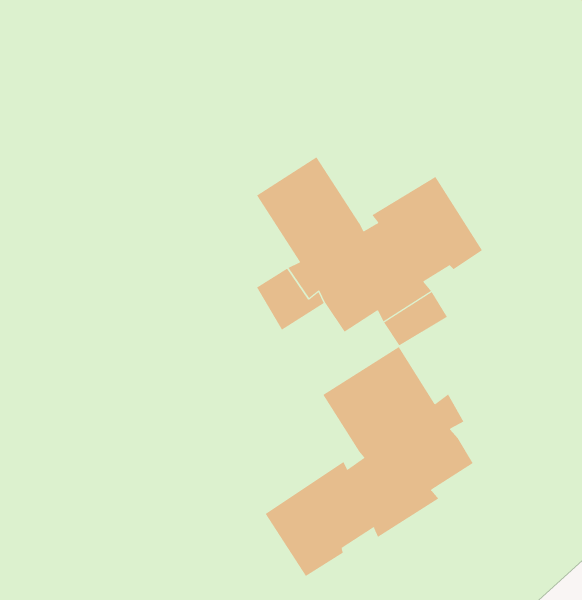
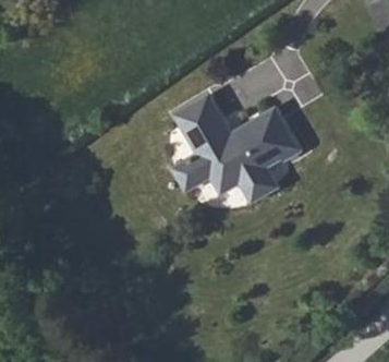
building: [265,346,474,577] -> none

